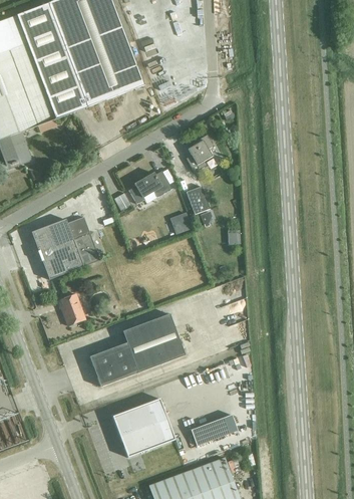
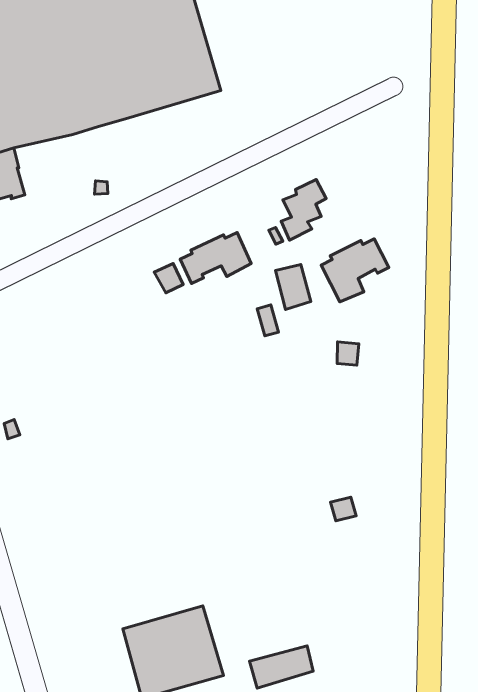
building: none -> [321,239,389,302]
building: [31,216,99,278] -> none
building: [57,293,85,325] -> none
building: [89,313,185,386] -> none

